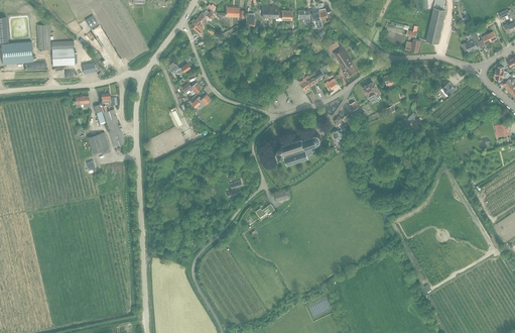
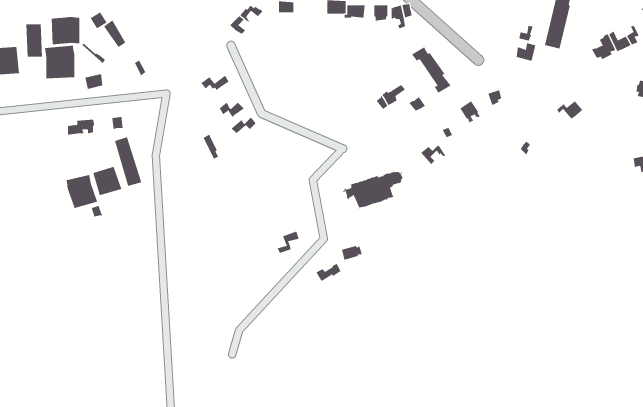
building: none -> [51,16,80,45]
building: none -> [66,174,98,209]

